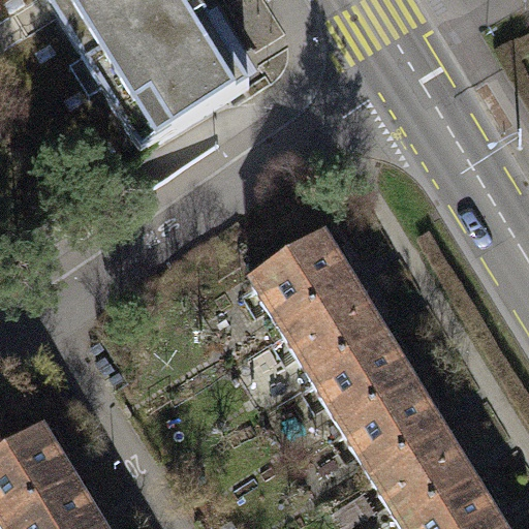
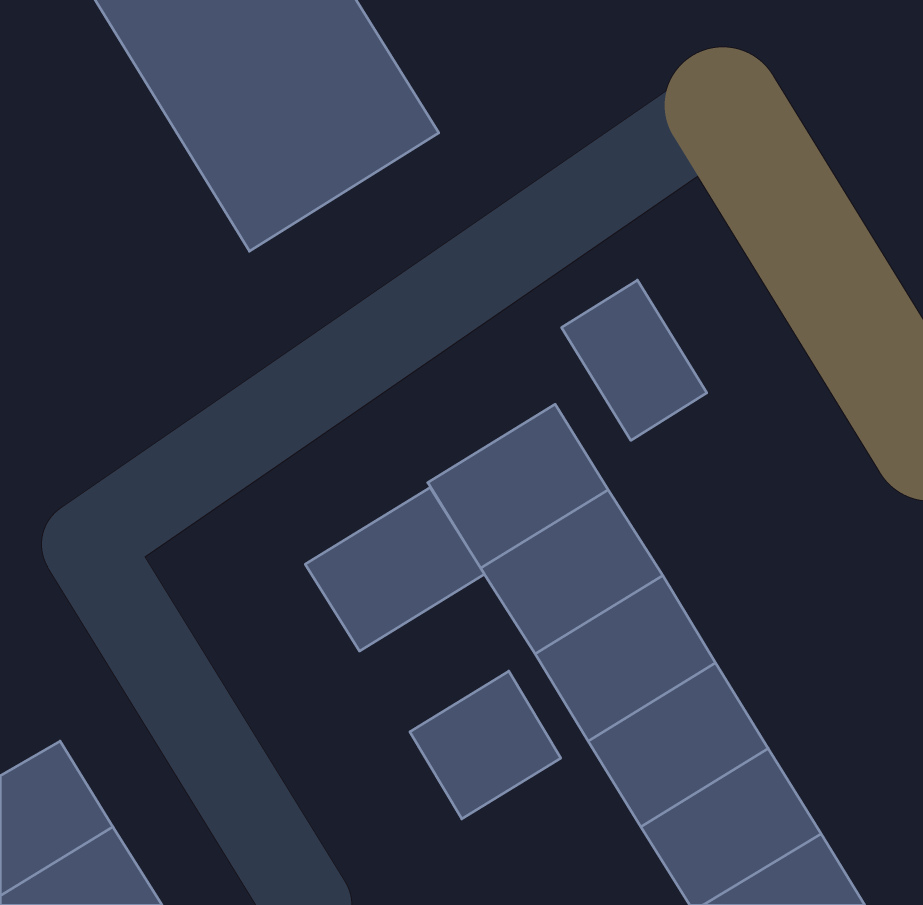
building: none -> [562,280,707,440]
building: none -> [305,487,484,651]
building: none -> [410,671,561,819]

